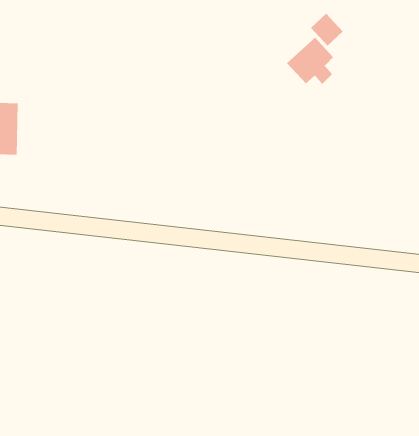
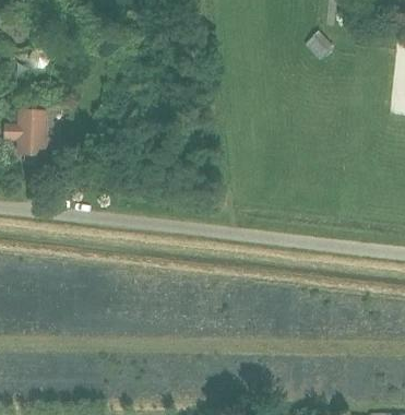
building: [286,37,334,85] -> none

